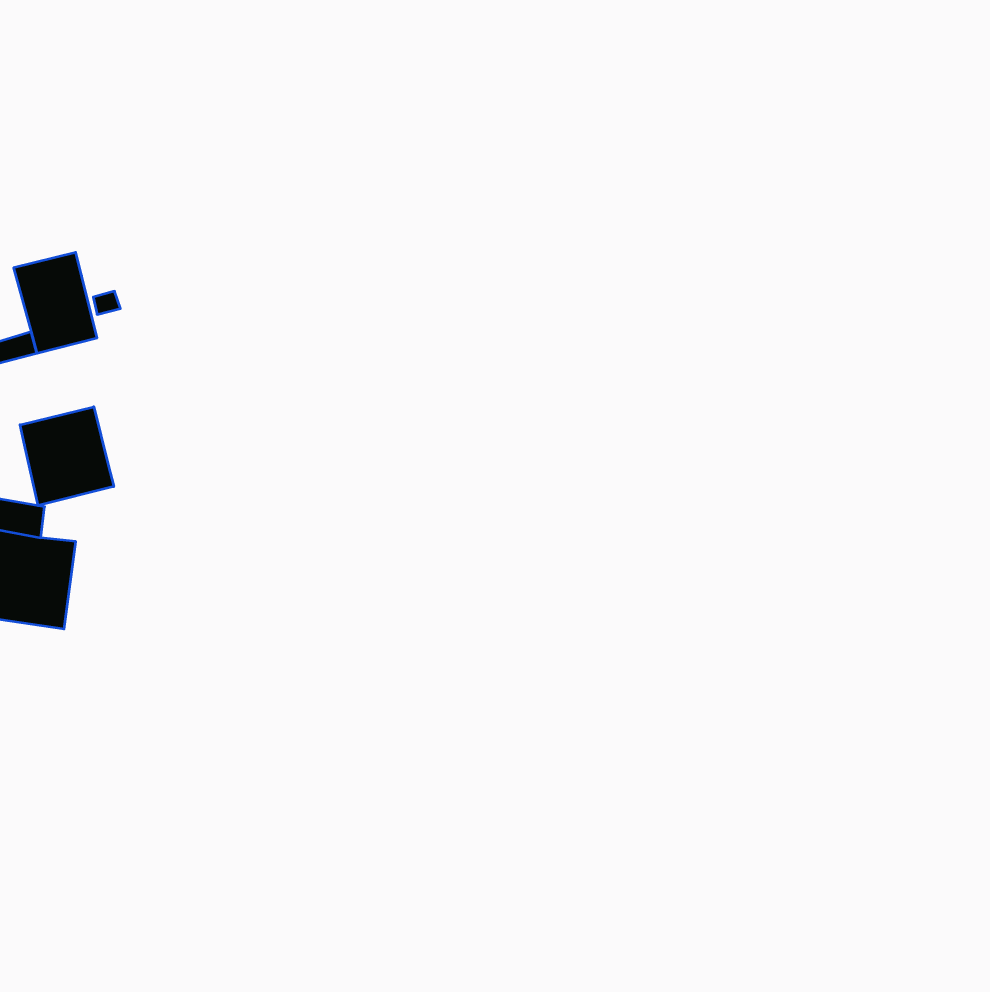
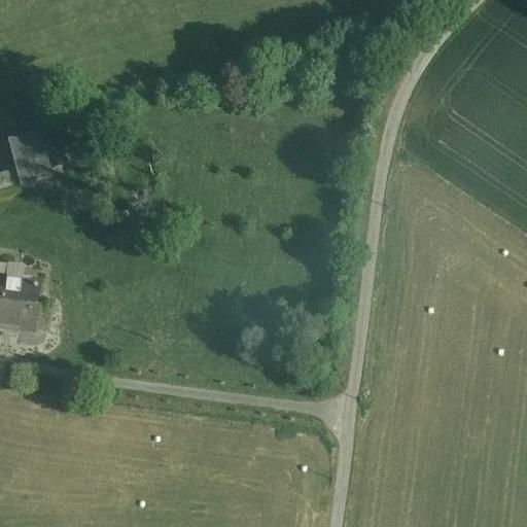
building: [20,407,114,506] -> none

